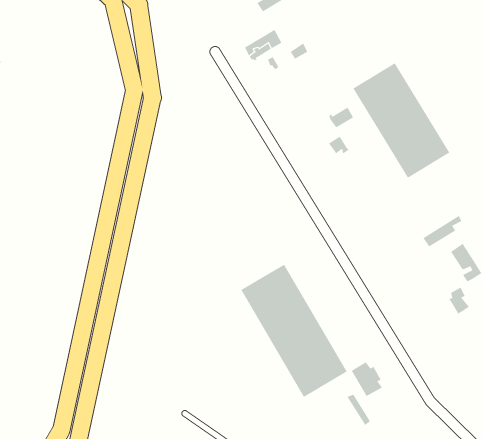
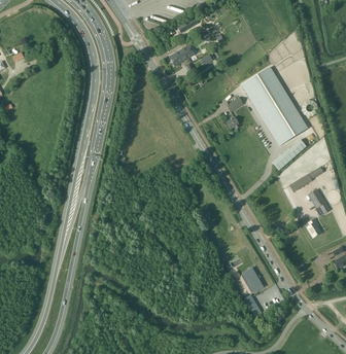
building: [240,264,348,398] -> none

